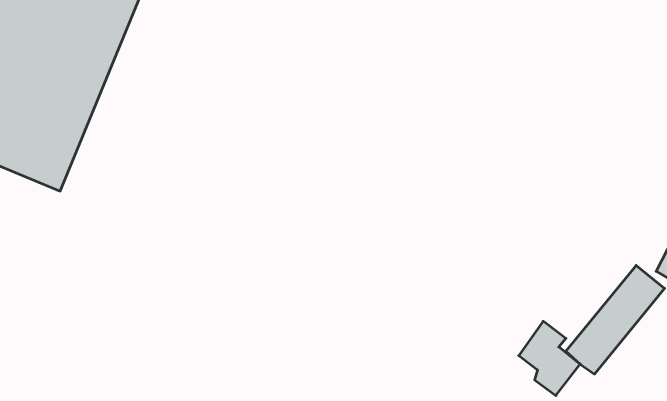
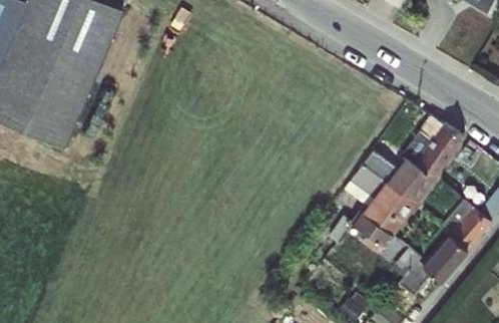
building: none -> [344,122,466,259]

